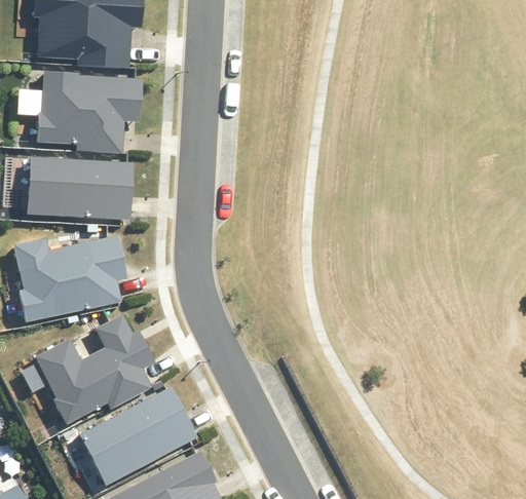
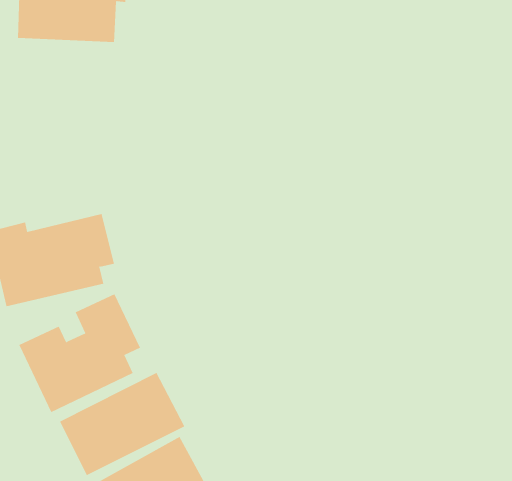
building: [39,73,145,148] -> none
building: [28,155,128,223] -> none

